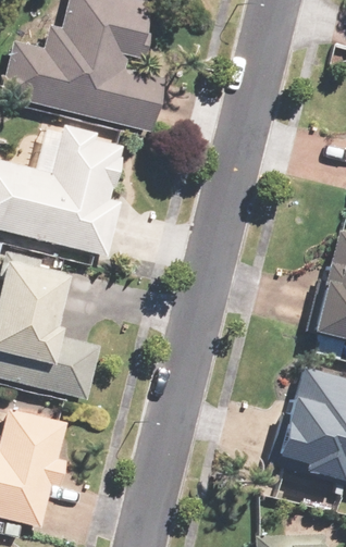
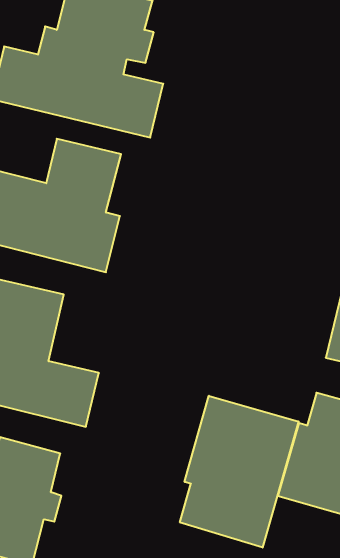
building: none -> [180,396,299,548]

